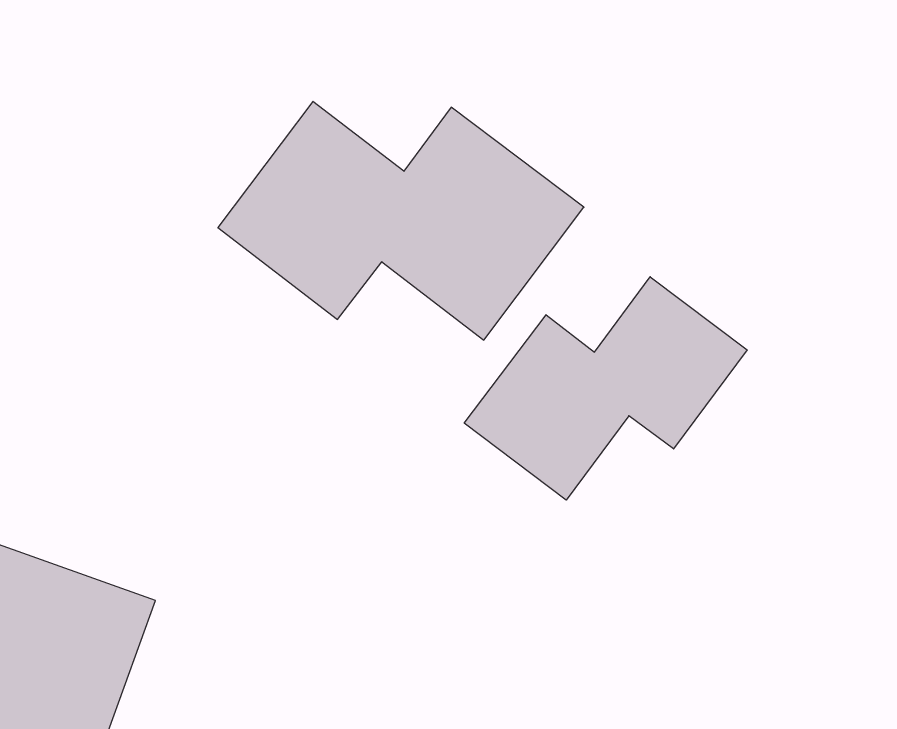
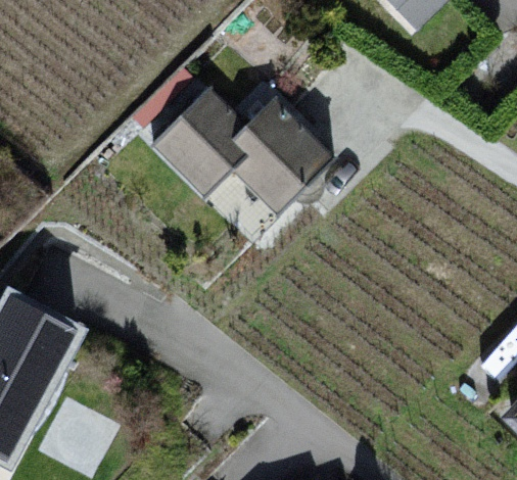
building: [464,277,747,500] -> none

